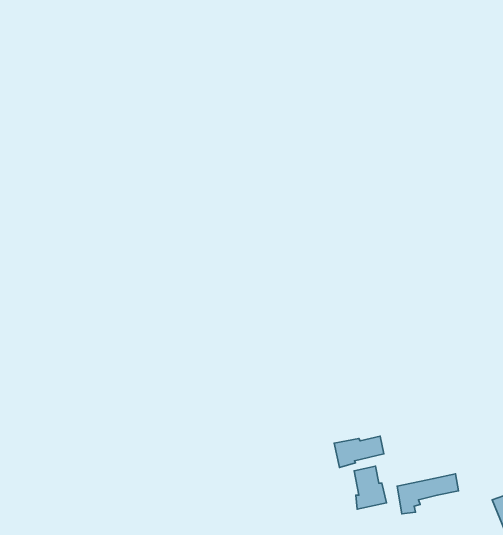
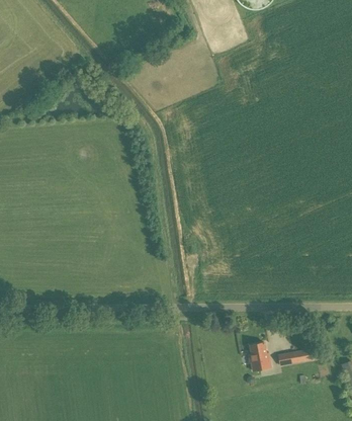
building: [334,436,384,468] -> none

